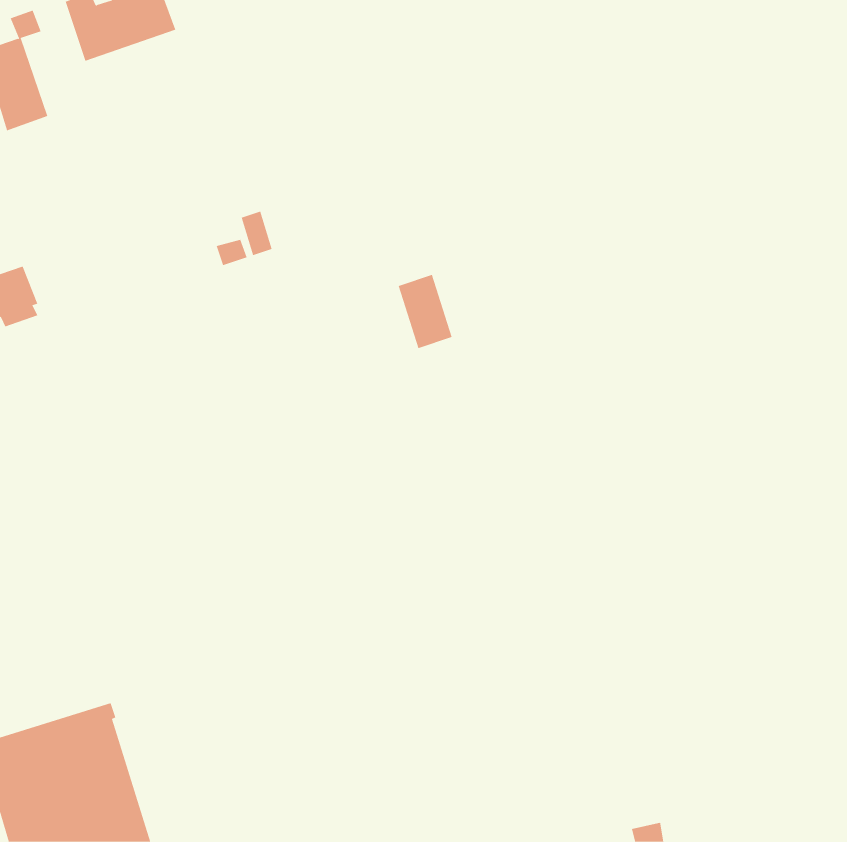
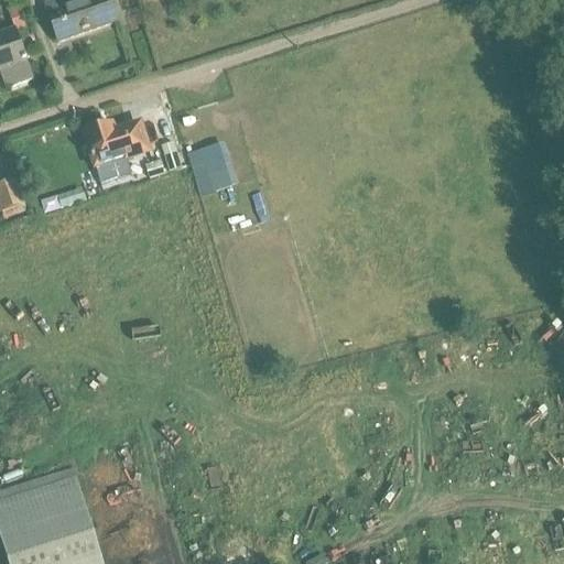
building: none -> [83,122,149,180]
building: [398,274,453,349] -> [199,140,236,189]

